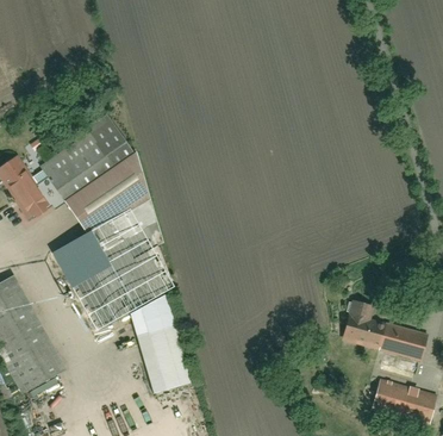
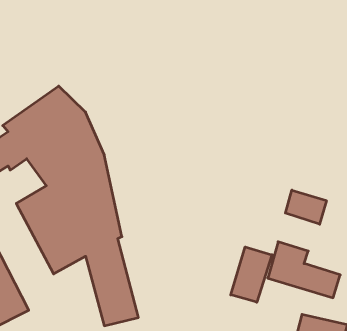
building: none -> [285,190,326,224]
building: none -> [231,247,272,302]

